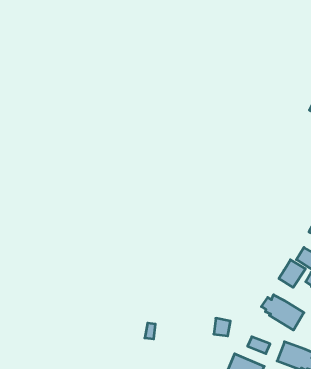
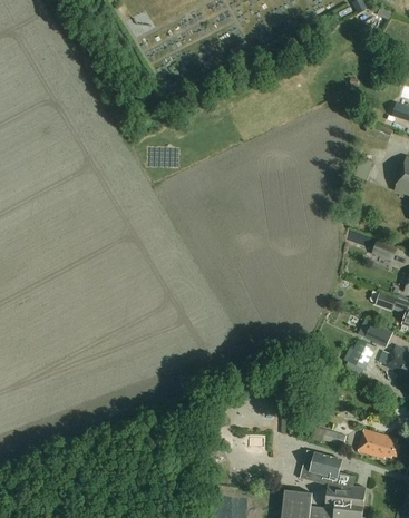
building: [261,295,304,330] -> none

